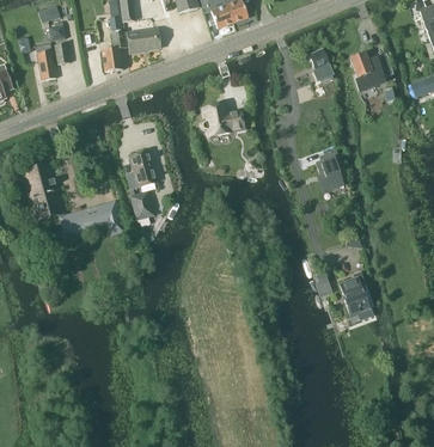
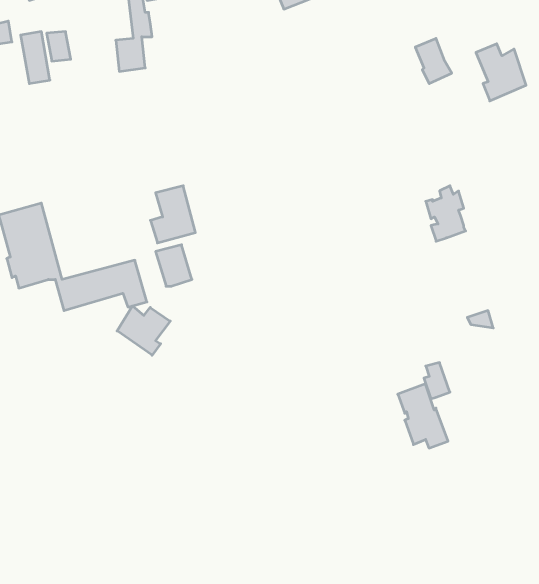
building: [124,27,159,51] -> none
building: [201,103,244,135] -> none
building: none -> [117,306,170,355]
building: [338,275,373,319] -> [398,384,448,448]

